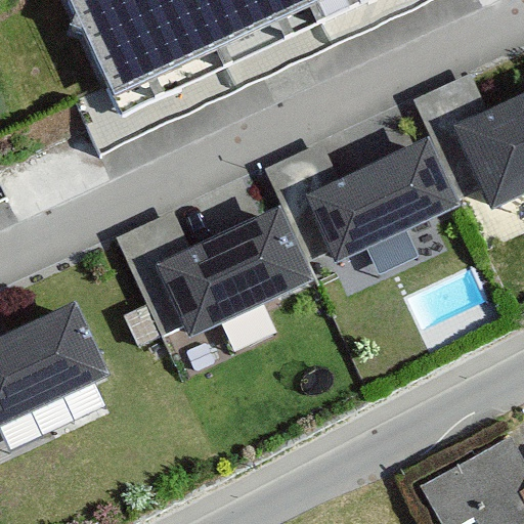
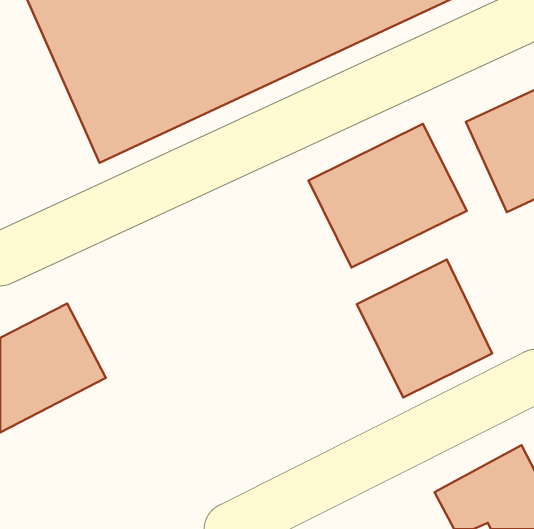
building: [142,200,317,351] -> none
building: none -> [357,259,492,397]

